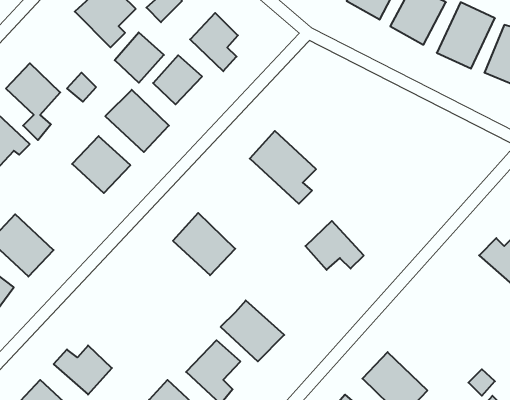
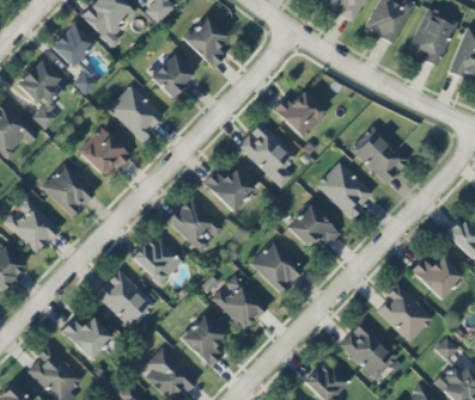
building: [115,32,164,83] -> [50,23,95,68]
building: none -> [273,91,325,137]
building: none -> [349,125,408,184]
building: none -> [201,161,254,211]
building: none -> [315,161,373,219]
building: none -> [41,162,96,216]
building: none -> [130,234,182,285]
building: none -> [250,239,304,293]
building: none -> [409,256,463,300]
building: none -> [95,270,156,330]
building: none -> [376,285,433,343]

